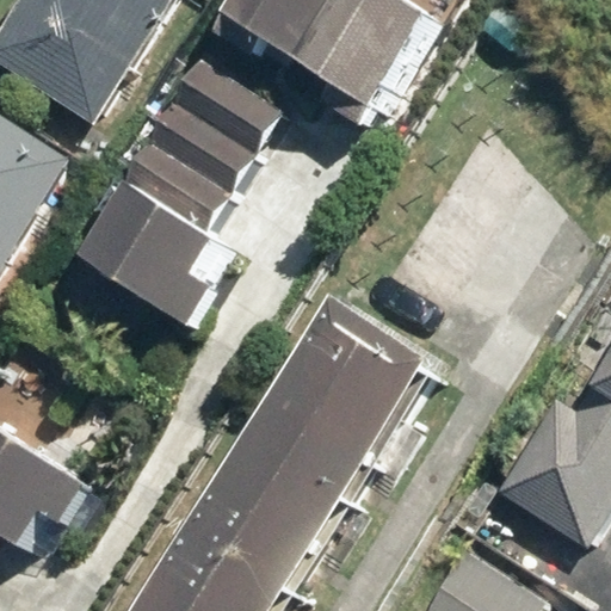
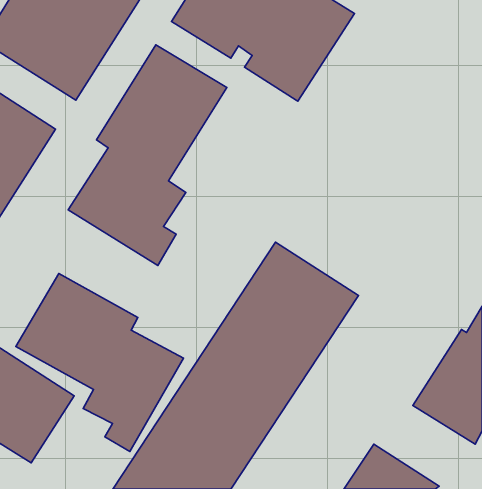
building: none -> [16,273,184,452]

